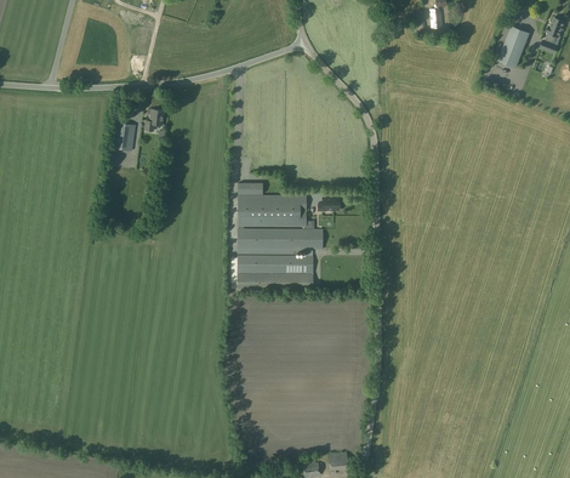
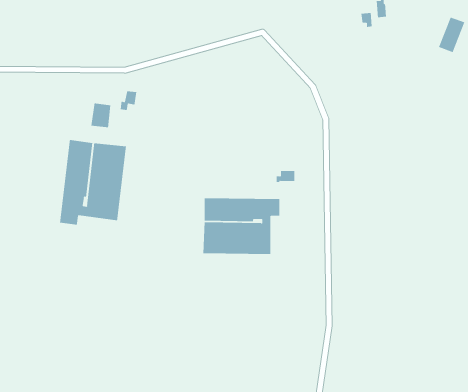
building: none -> [59,139,126,225]
building: [238,182,306,226] -> none

